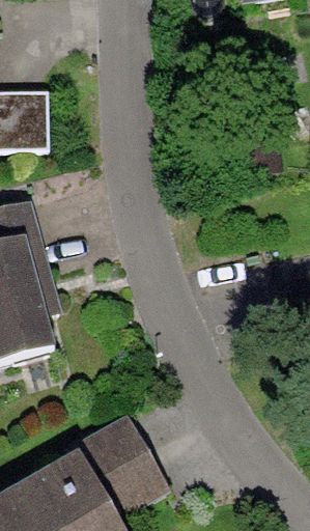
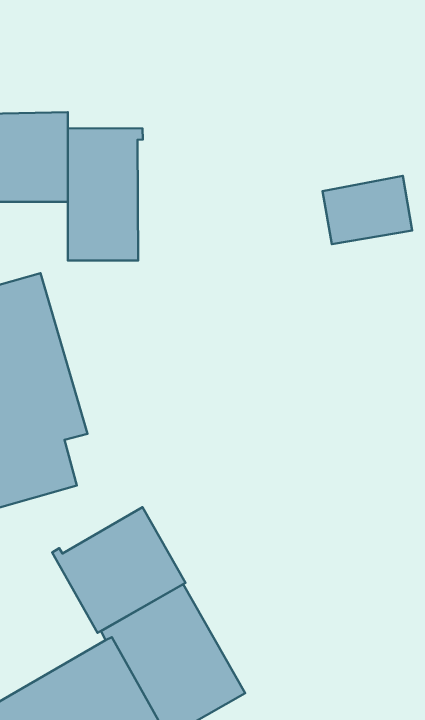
building: none -> [68,128,143,261]
building: none -> [52,507,185,633]

